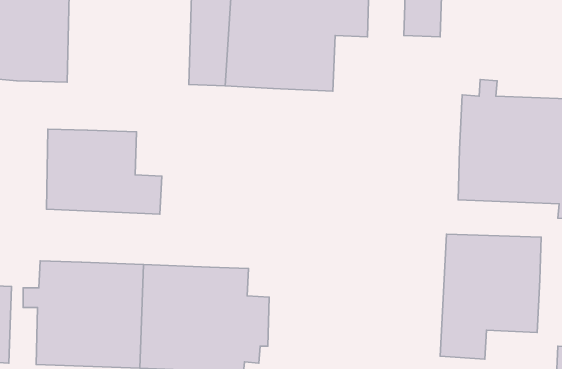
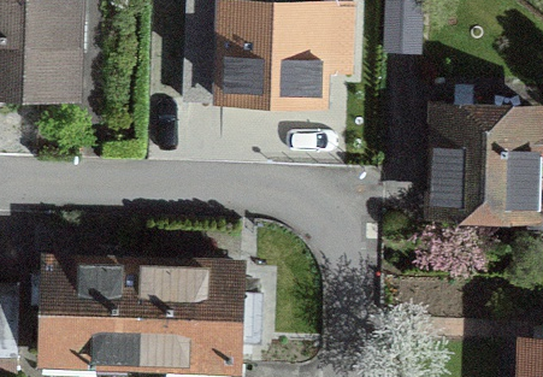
building: [46,129,162,214] -> none
building: [440,234,541,359] -> none

